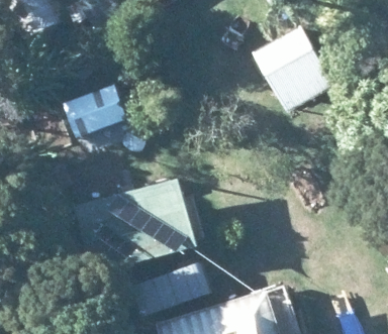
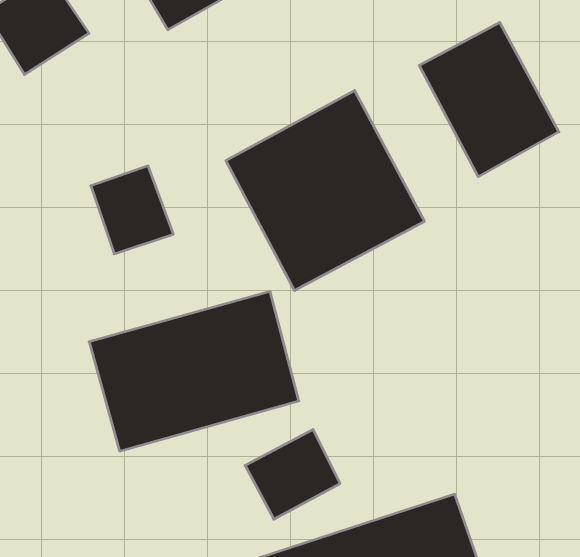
building: none -> [226,90,424,291]

